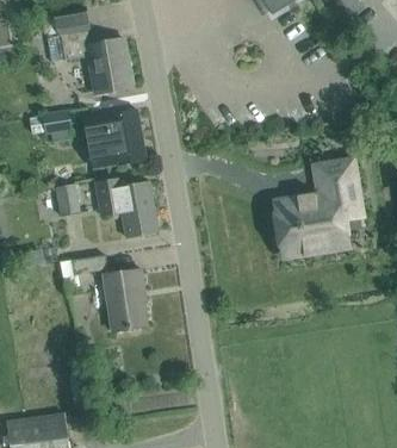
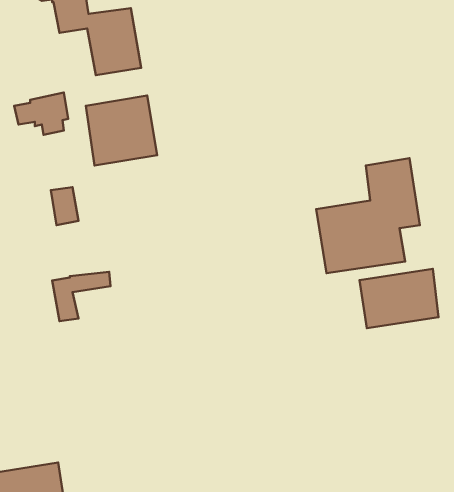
building: [93,176,159,239] -> none
building: none -> [360,269,439,328]
building: [103,267,145,329] -> none

